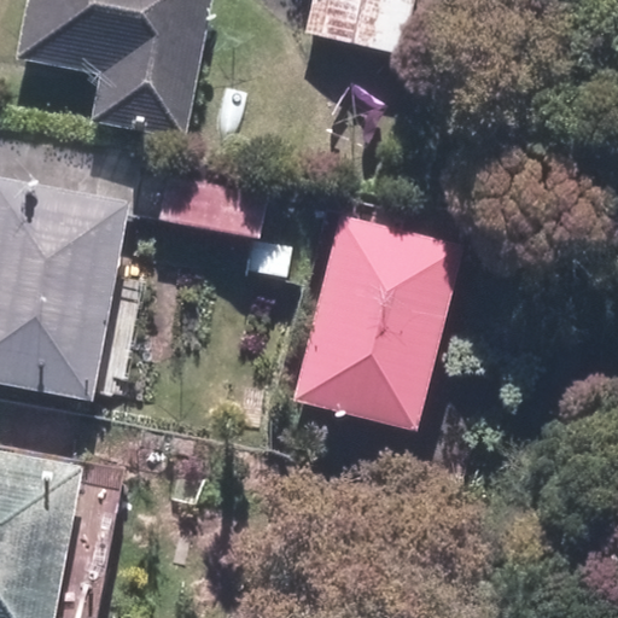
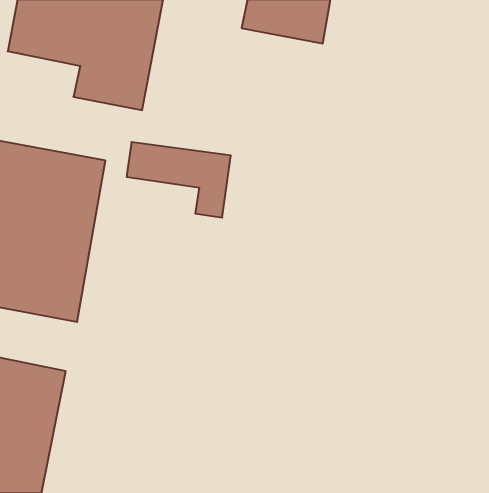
building: [296,214,466,430] -> none

